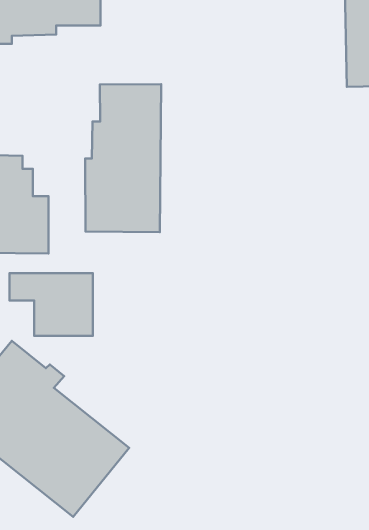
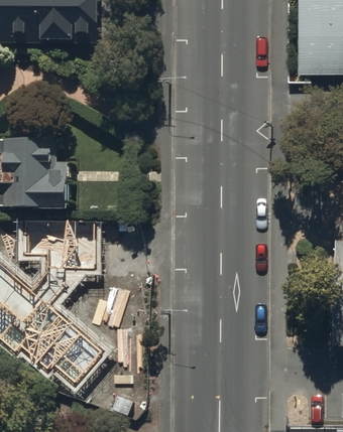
building: [85,84,161,232] -> none

